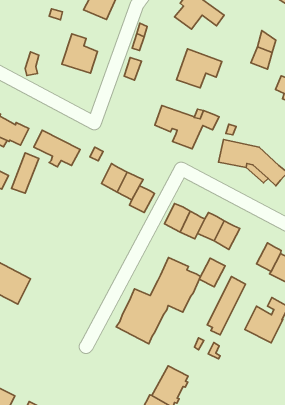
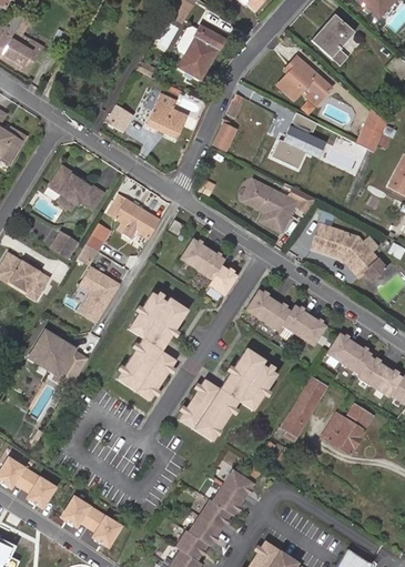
building: none -> [78,264,123,322]
building: none -> [117,294,188,403]
building: [199,258,225,287] -> [326,333,356,365]

